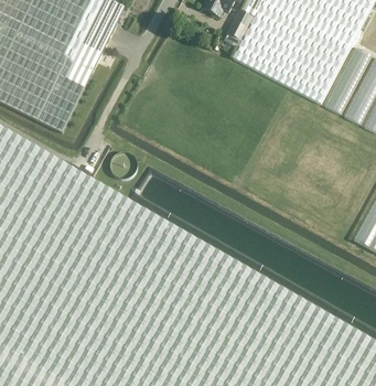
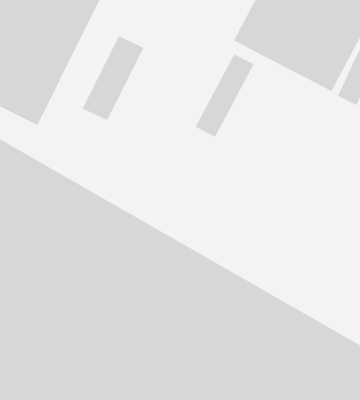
building: none -> [82,35,144,121]
building: none -> [194,53,255,138]

